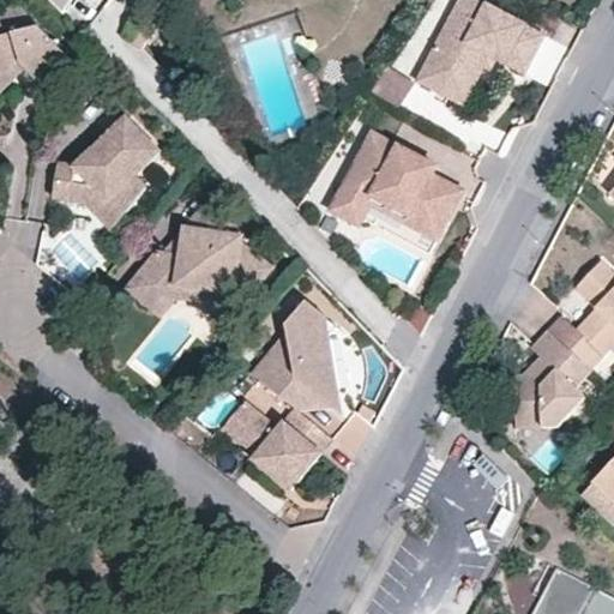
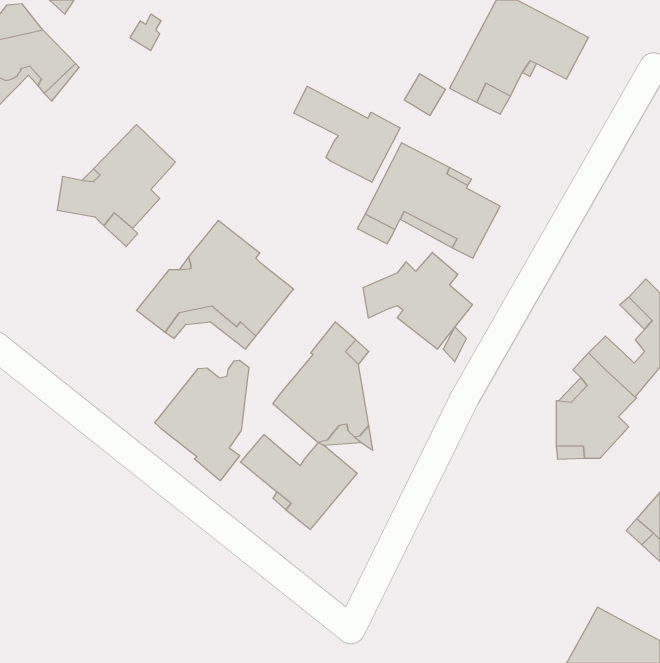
building: none -> [294,86,400,182]
building: none -> [363,252,472,349]
building: none -> [155,360,249,481]

